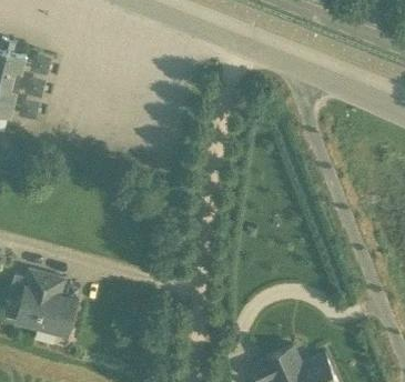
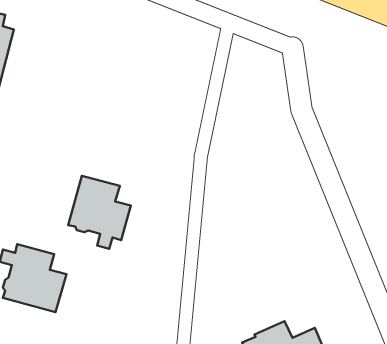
building: none -> [68,176,131,249]

